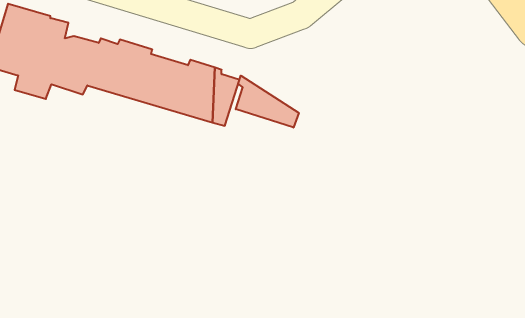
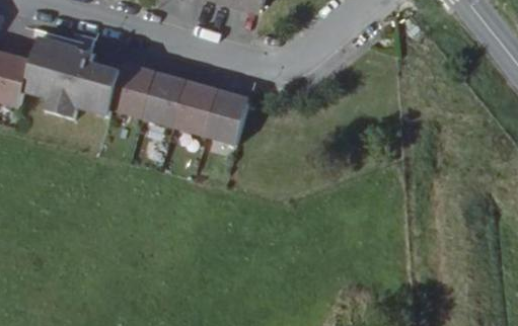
building: [236,76,299,128] -> none

